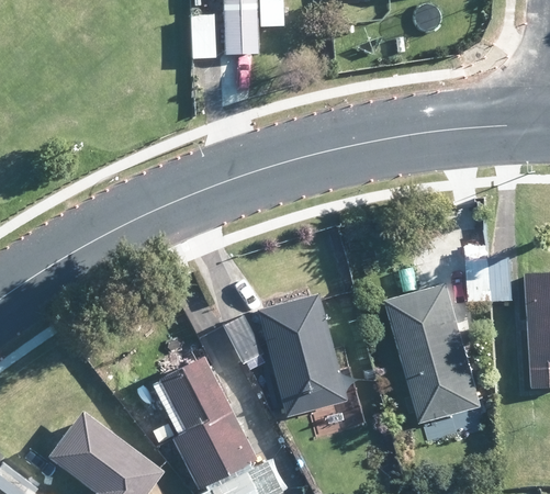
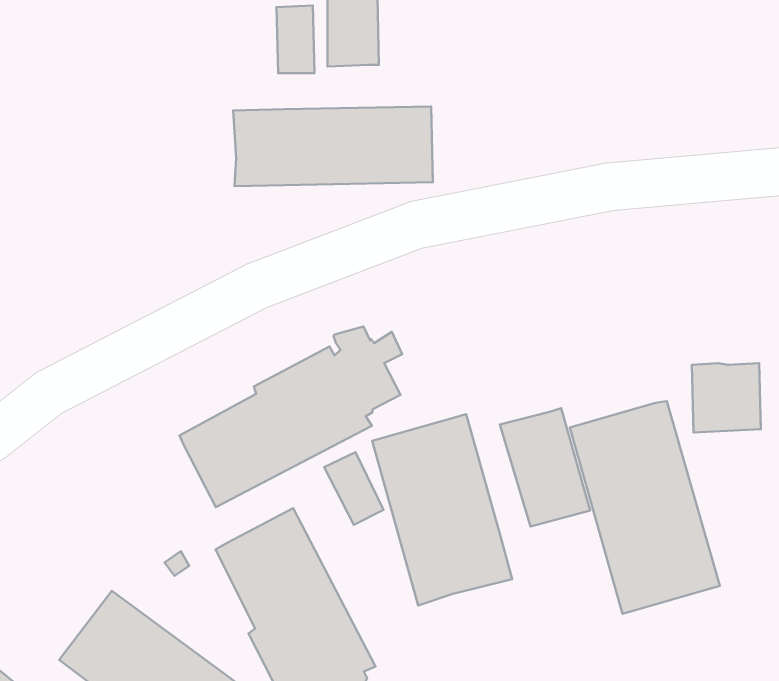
building: none -> [233,107,433,186]
building: none -> [179,327,402,507]
building: none -> [500,408,590,526]

